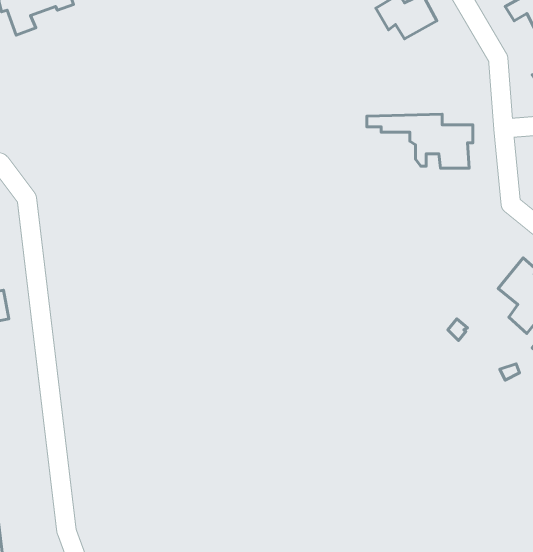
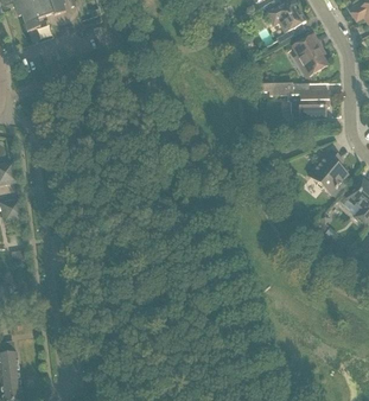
building: none -> [291,33,327,77]
building: none -> [312,149,346,193]

